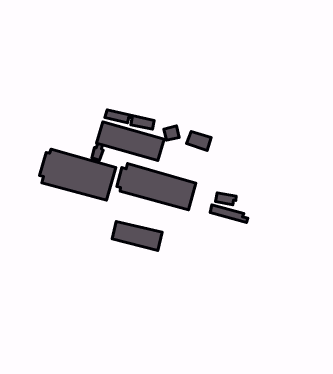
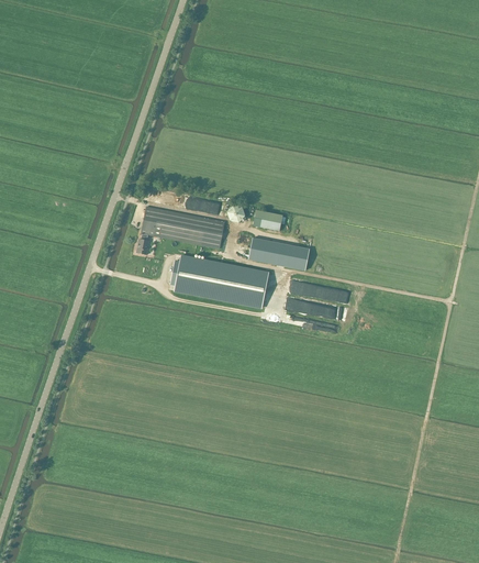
building: [39,149,116,200] -> none
building: [112,221,162,250] -> [246,238,308,269]

